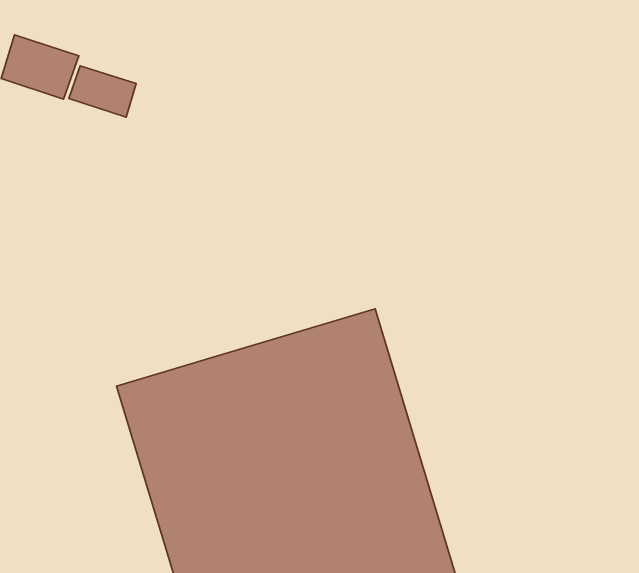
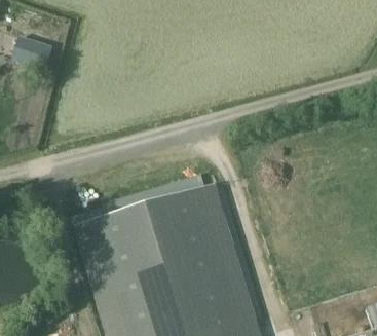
building: [69,66,136,117] -> none

